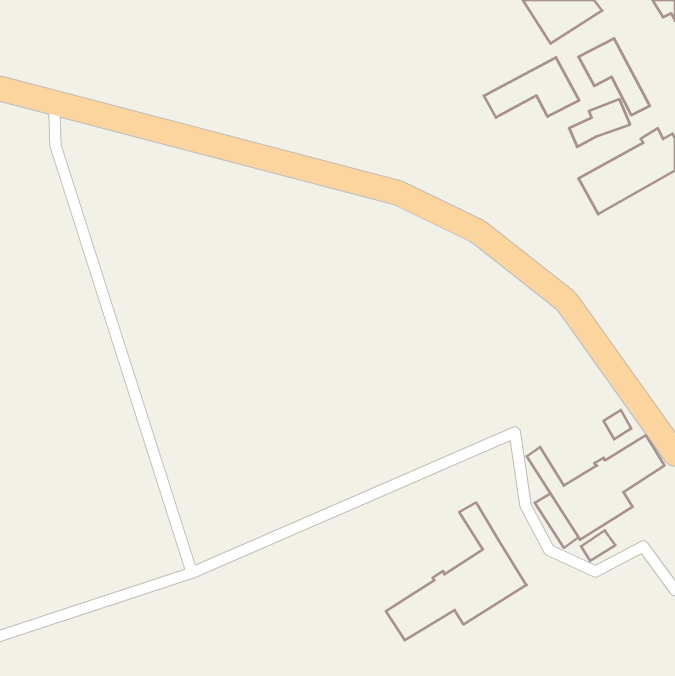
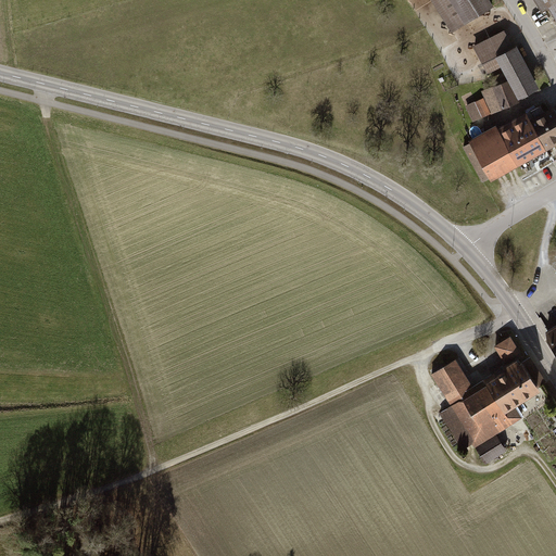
building: [484,57,579,118] -> none
building: none -> [443,359,490,399]
building: [386,503,527,640] -> none

